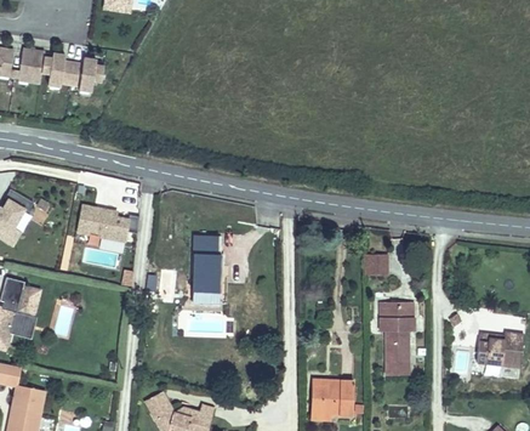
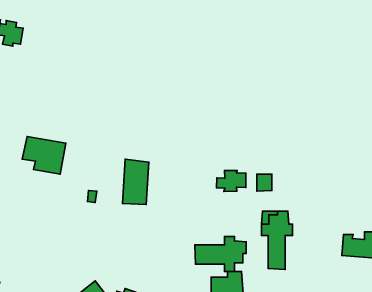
building: [68,58,101,90] -> none
building: none -> [217,170,246,191]
building: none -> [195,236,246,271]

